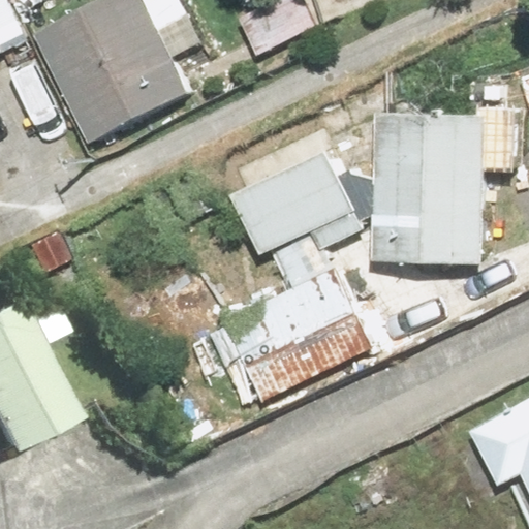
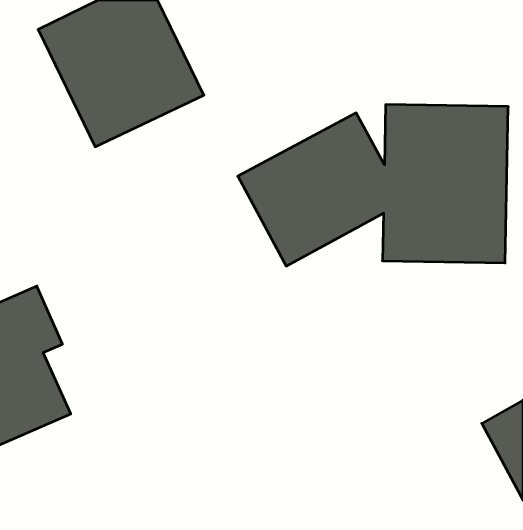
building: [222,260,370,408] -> none

